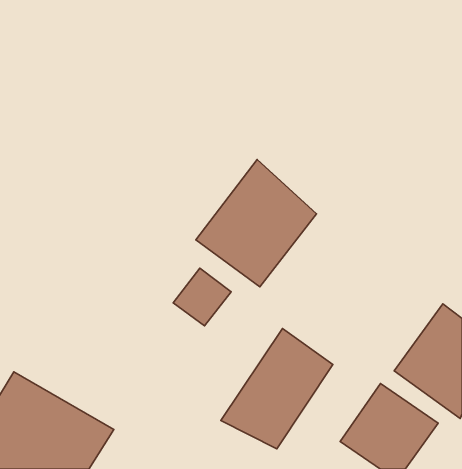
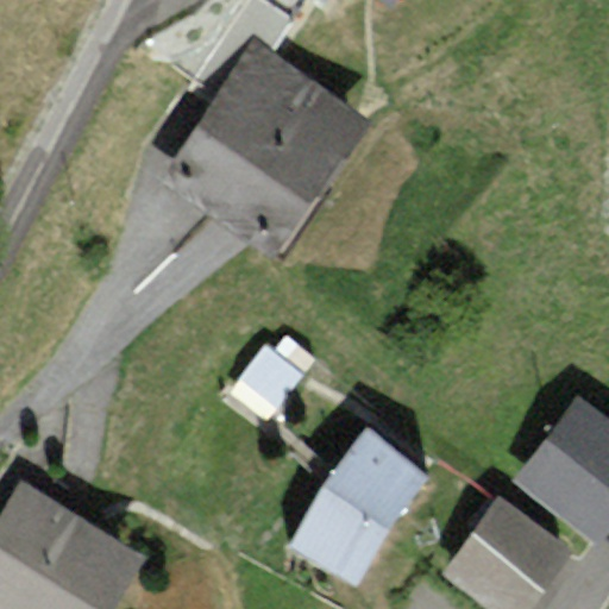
building: none -> [164,43,370,252]
building: [196,160,316,287] -> none

